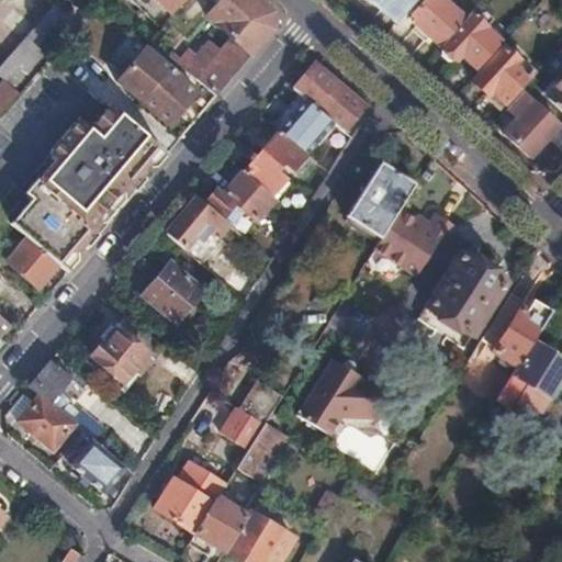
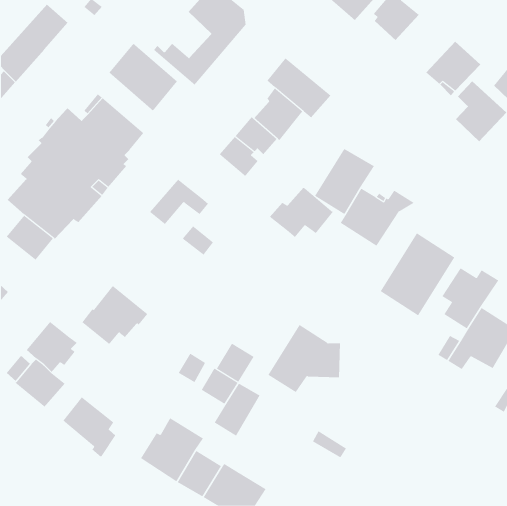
building: [438,12,498,66] -> none
building: [203,169,274,225] -> [269,187,334,238]
building: [148,261,204,324] -> none

